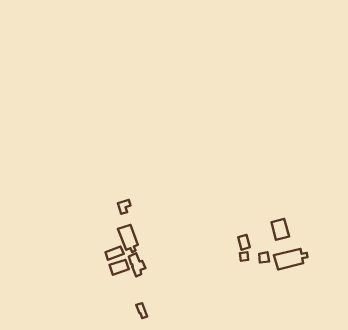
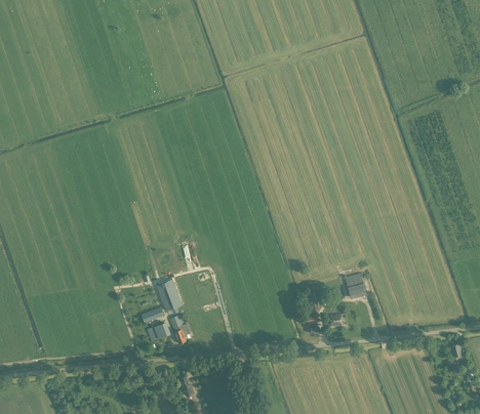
building: [274,249,307,270] -> none

